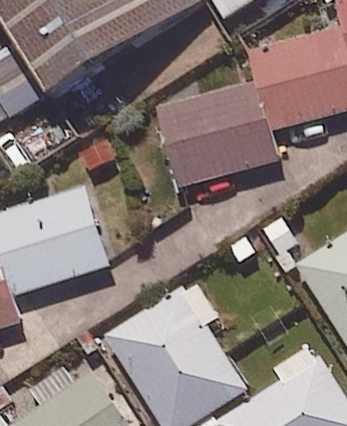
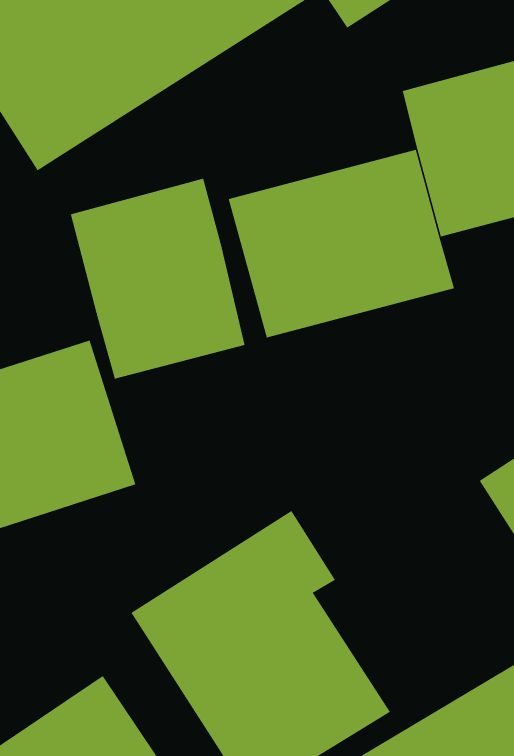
building: none -> [70,178,245,380]

